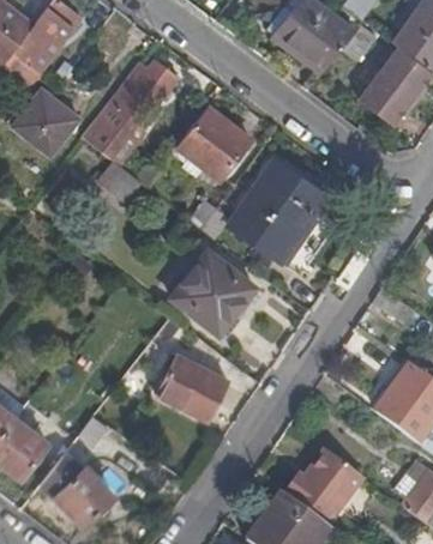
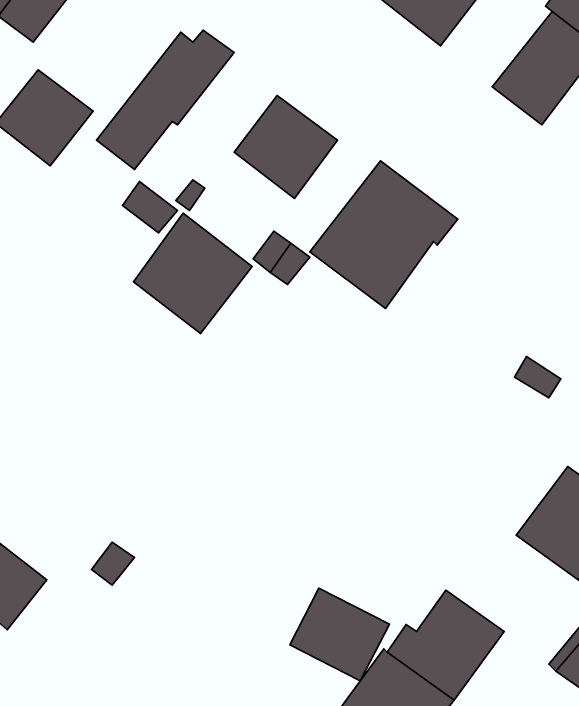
building: [170,252,253,336] -> [133,213,252,333]
building: [156,357,225,422] -> [290,588,389,681]
building: [38,455,112,527] -> none

